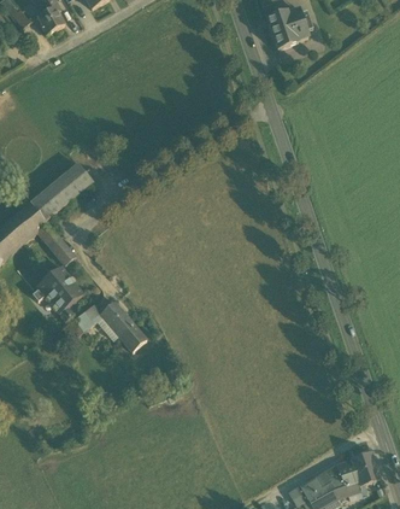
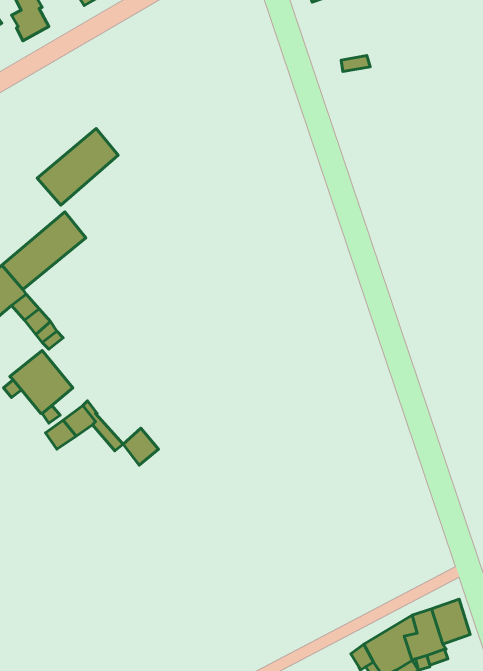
building: [266,8,308,48] -> none
building: none -> [37,129,118,205]
building: [100,300,134,335] -> none

